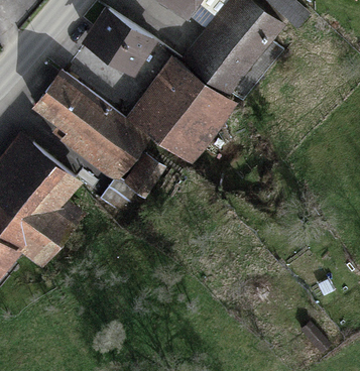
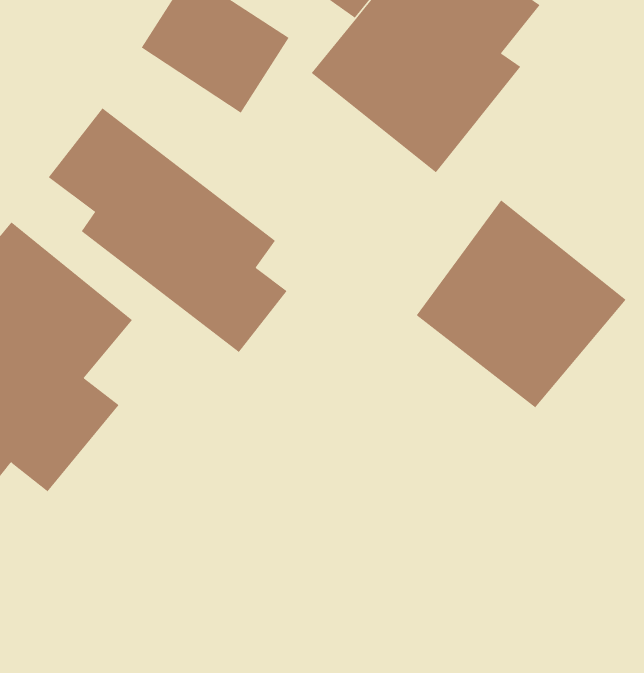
building: [128,54,238,163] -> [416,199,626,408]

